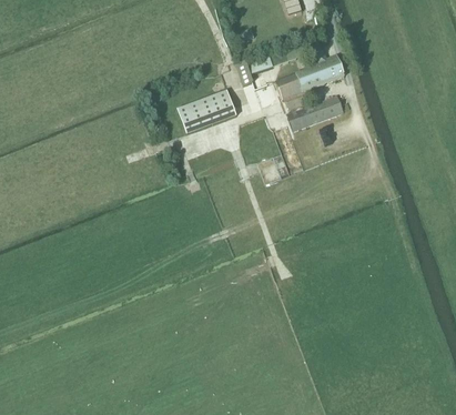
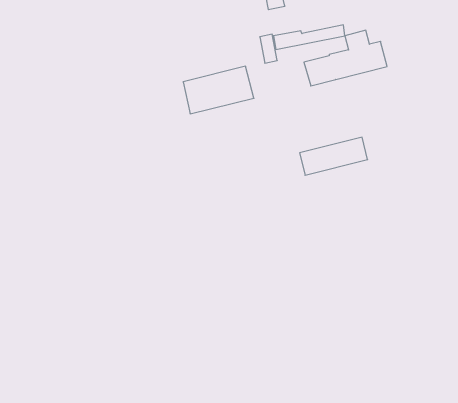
building: [287,94,344,131] -> [300,137,368,175]

